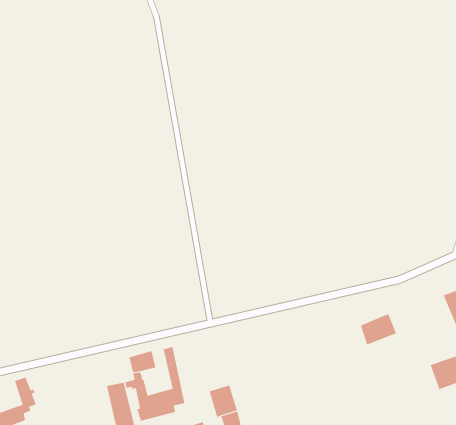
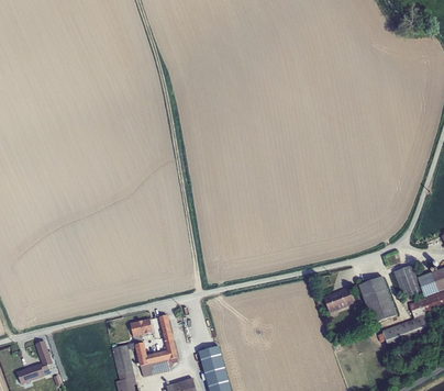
building: none -> [358,276,397,323]

